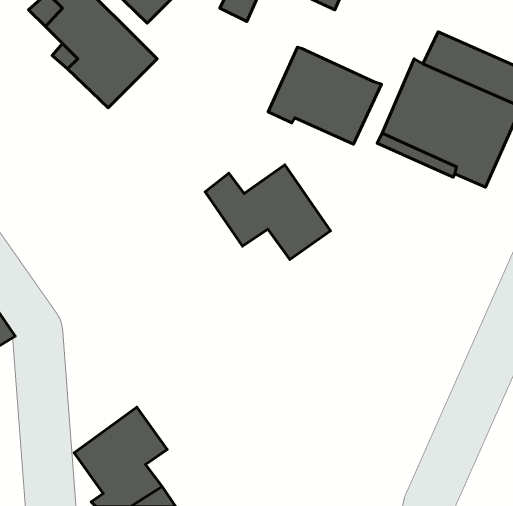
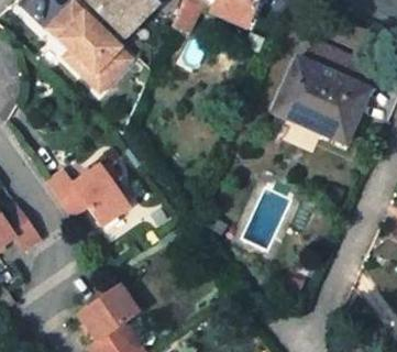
building: [268,47,382,144] -> none
building: [205,165,330,260] -> [46,163,128,224]

